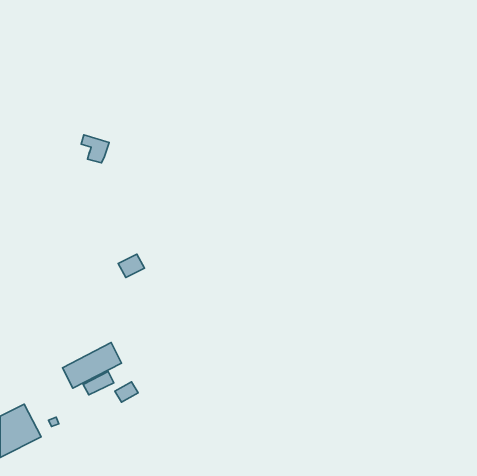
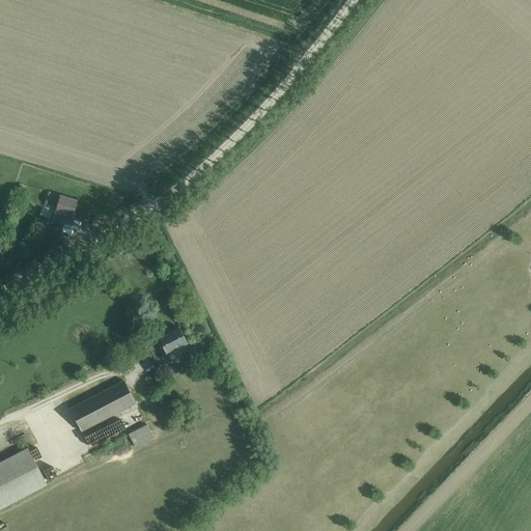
building: [81,135,109,163] -> [46,194,77,225]
building: [118,254,144,277] -> [158,329,187,355]

